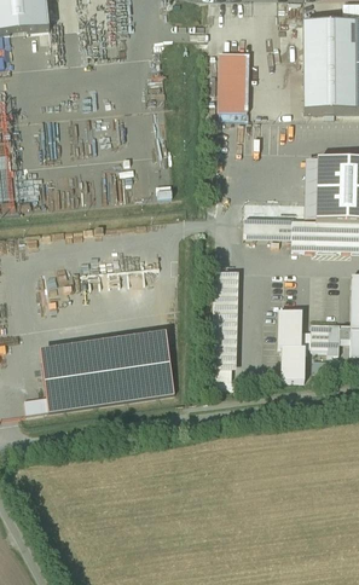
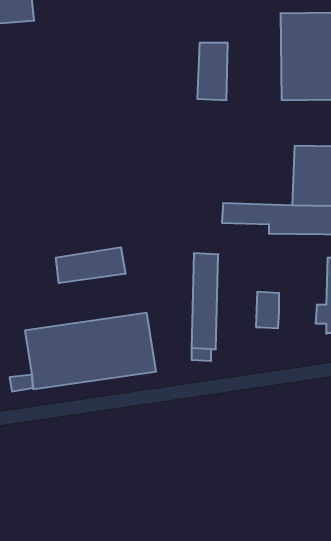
building: none -> [56,247,125,283]
building: [309,320,340,352] -> none
building: [280,344,305,378] -> none

